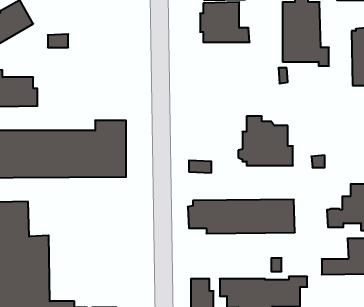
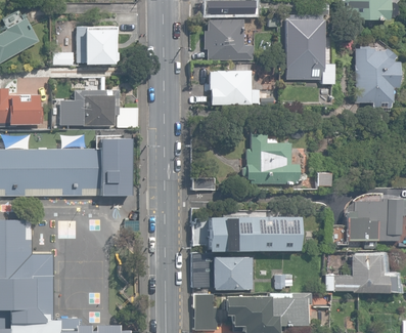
building: none -> [78,26,117,65]
building: none -> [210,72,259,106]
building: none -> [60,89,138,128]
building: none -> [192,252,262,289]

